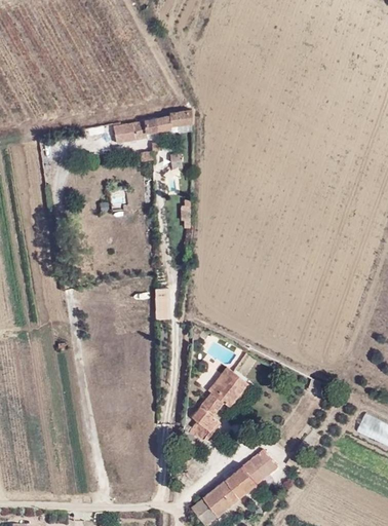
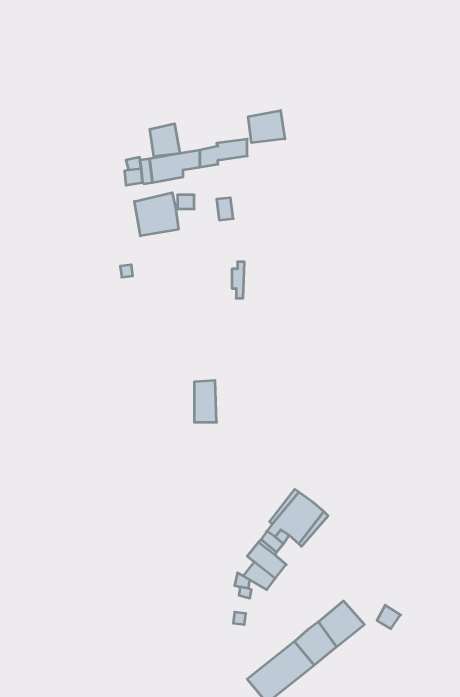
building: none -> [248,110,285,143]
building: none -> [150,124,180,157]
building: none -> [134,193,178,236]

